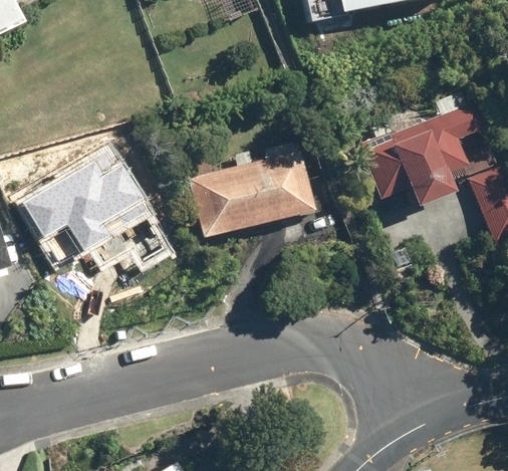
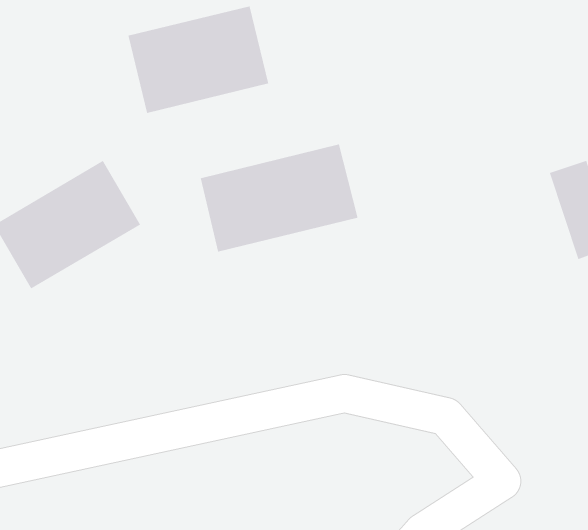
building: none -> [128,5,269,114]
building: [359,109,474,204] -> none

